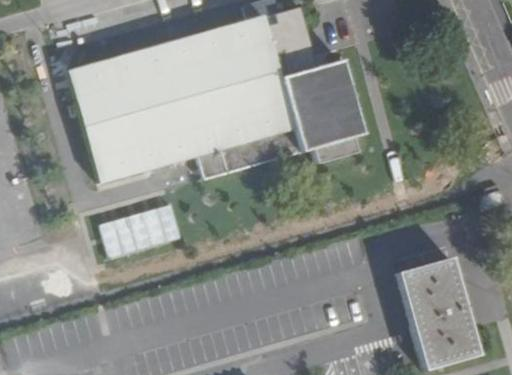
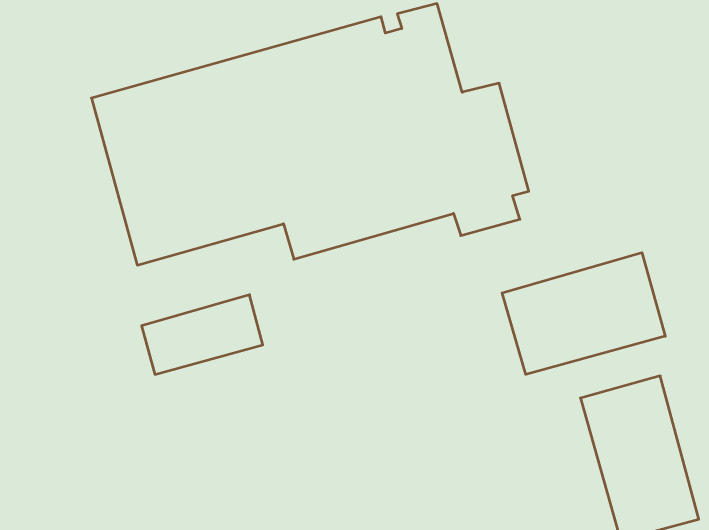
building: none -> [502,253,665,374]

